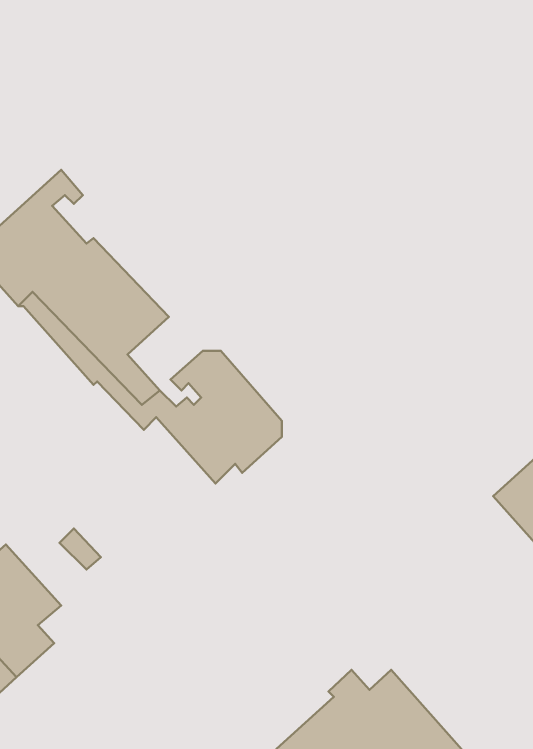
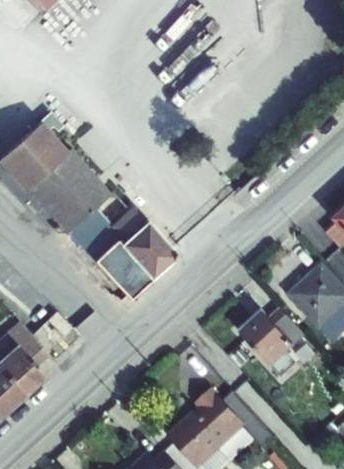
building: none -> [241,309,305,378]

